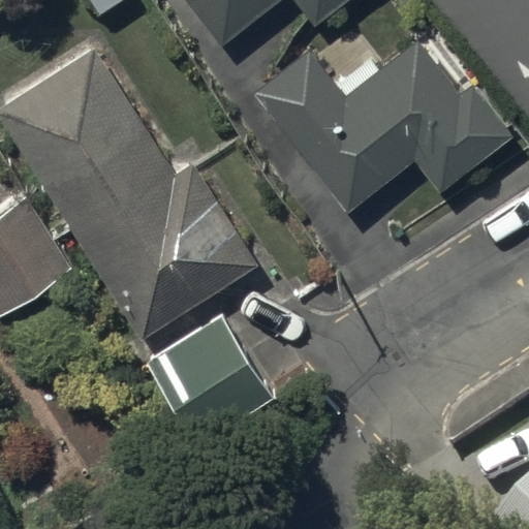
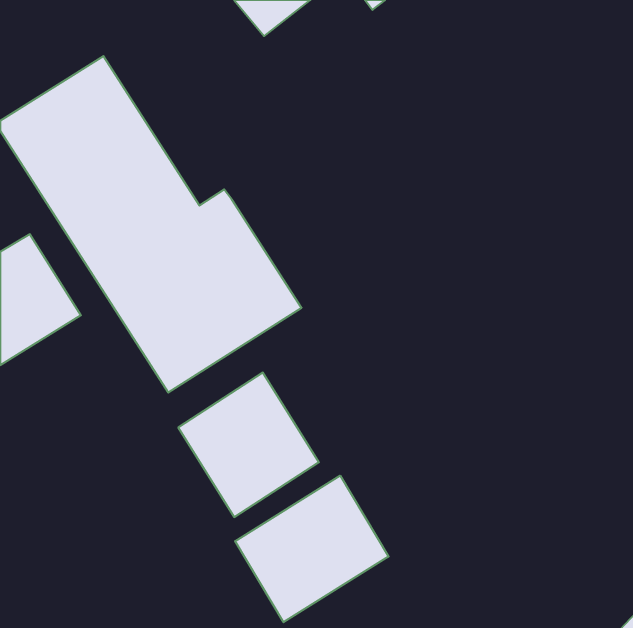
building: [259,45,505,207] -> none
building: none -> [235,476,389,622]

